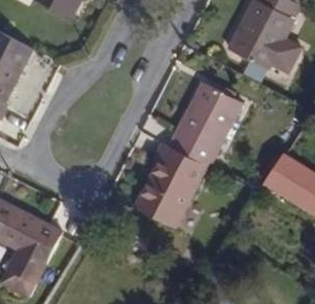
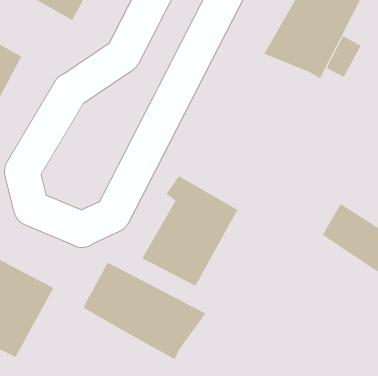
building: [164,81,240,170] -> none
building: none -> [83,262,206,360]

